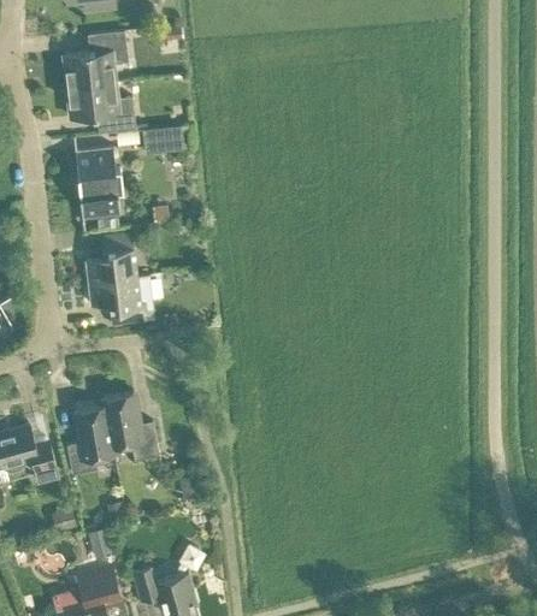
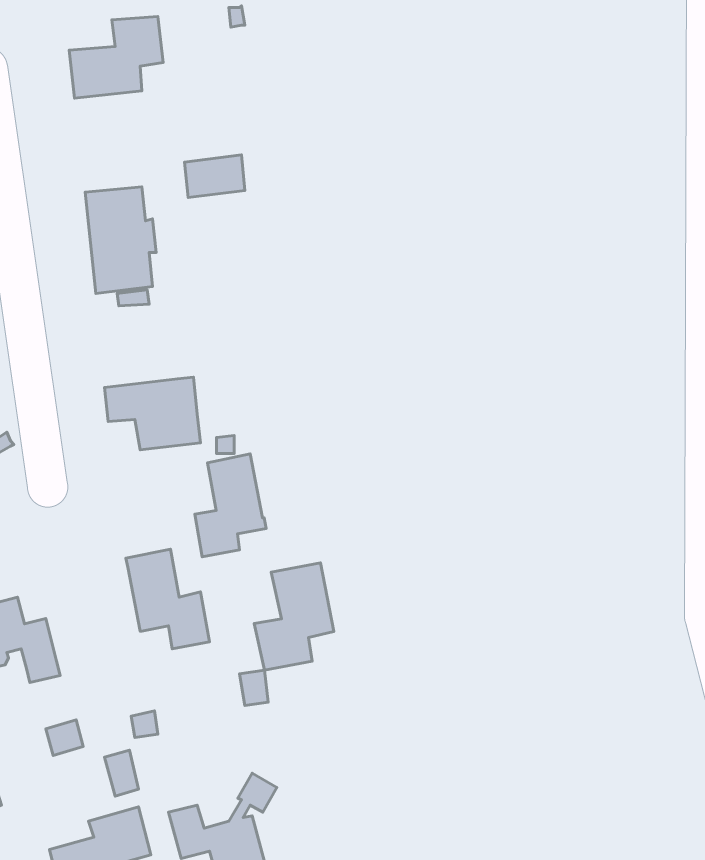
building: [67,83,135,135] -> none
building: [85,233,137,284] -> none
building: none -> [254,563,334,670]
building: [66,405,114,475] -> [195,454,266,557]

